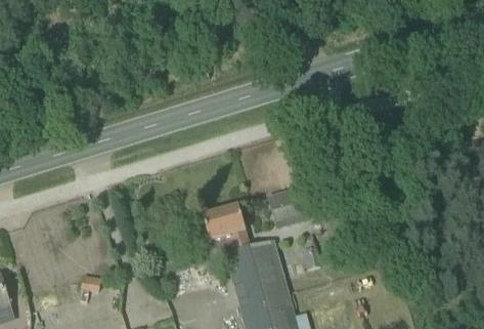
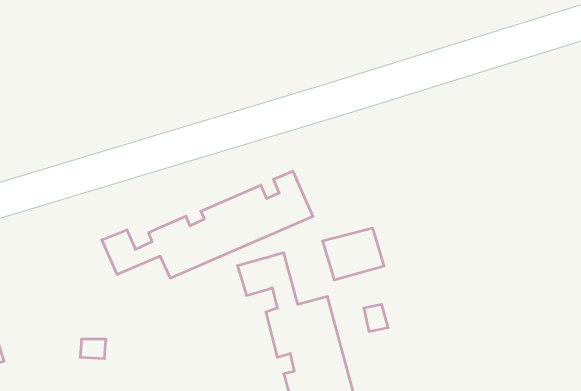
building: none -> [102,171,313,278]

